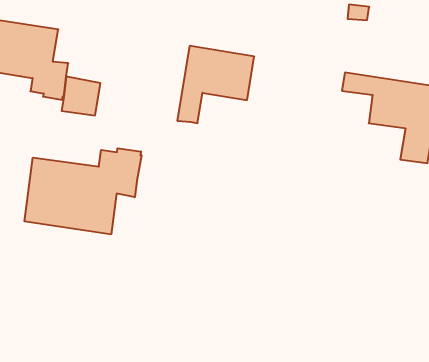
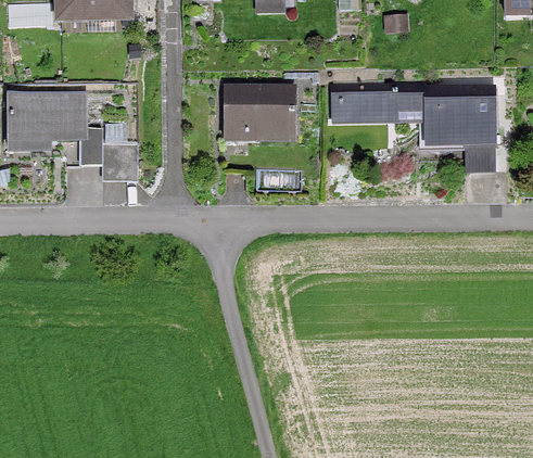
building: none -> [332,91,384,118]
building: [24,148,142,234] -> none

